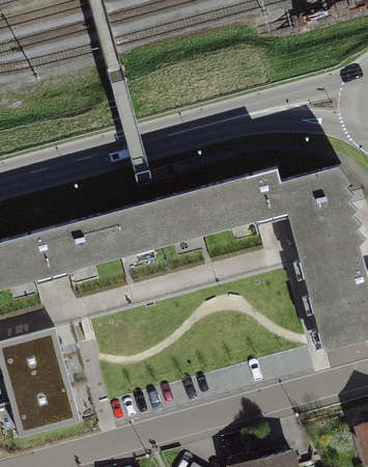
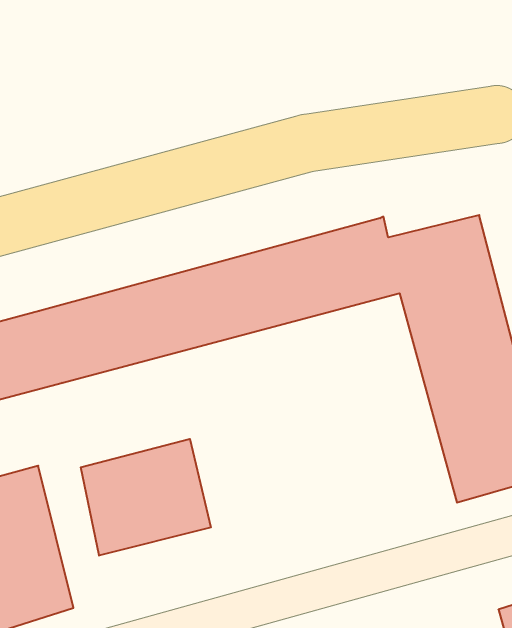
building: none -> [81,439,211,556]

